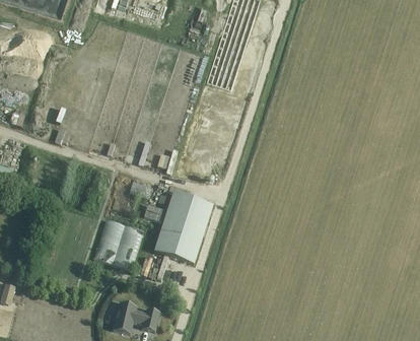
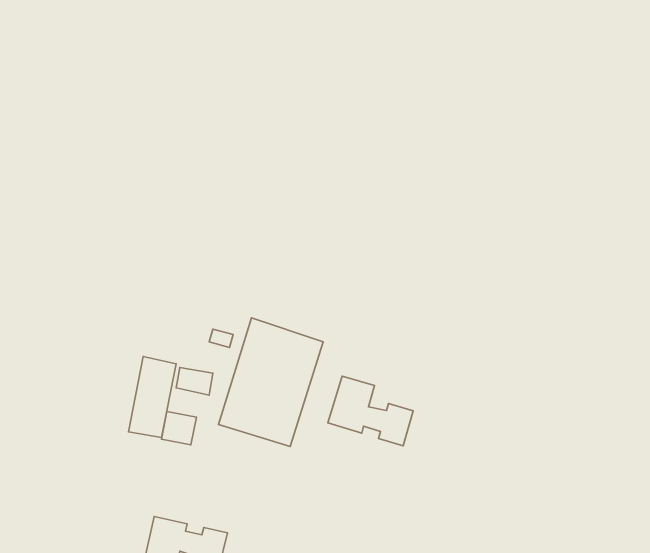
building: none -> [328,376,413,446]

